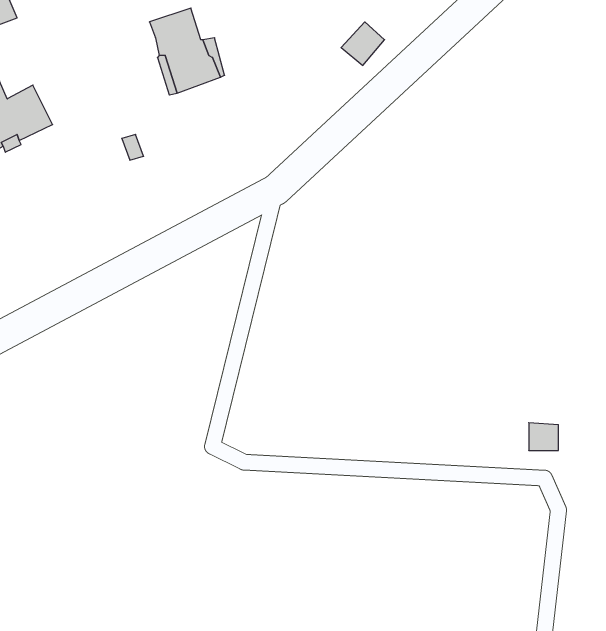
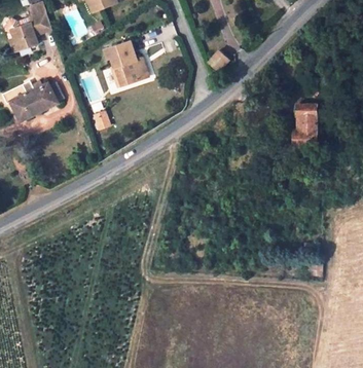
building: none -> [291,103,319,143]

